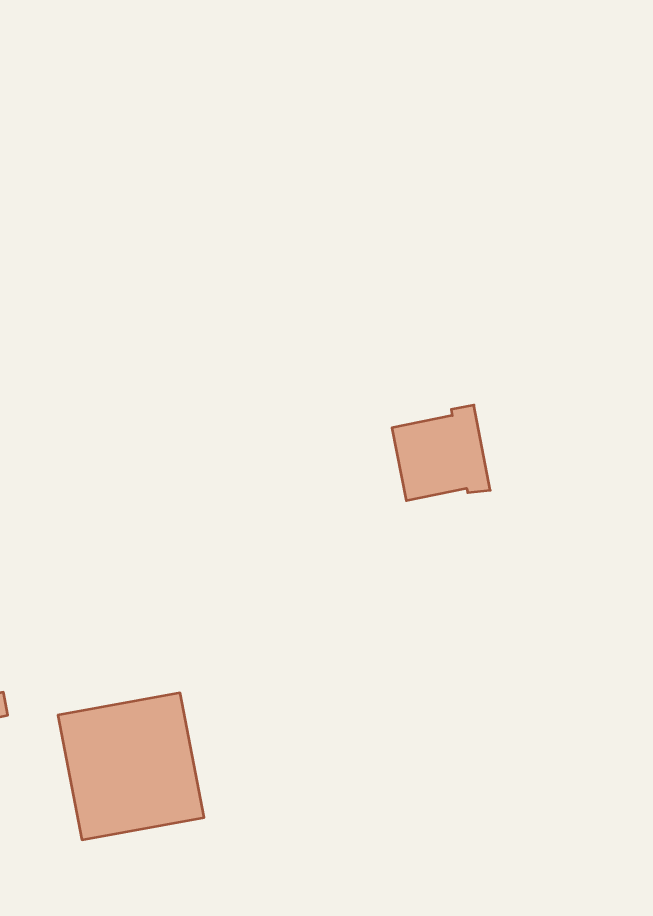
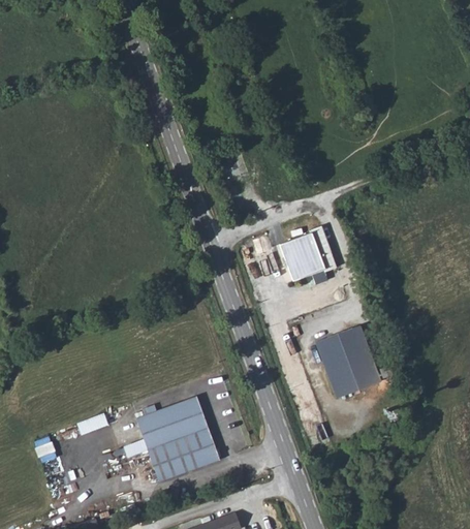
building: none -> [317,328,382,400]

